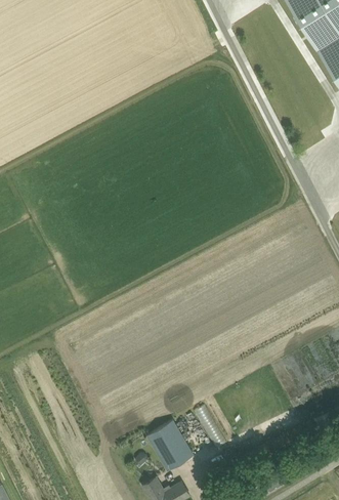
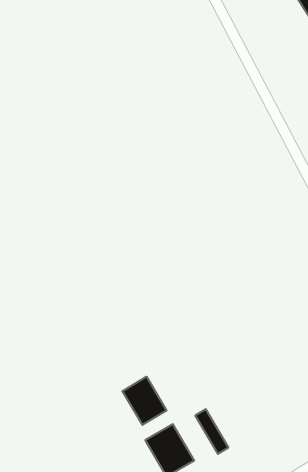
building: none -> [122,377,167,425]

